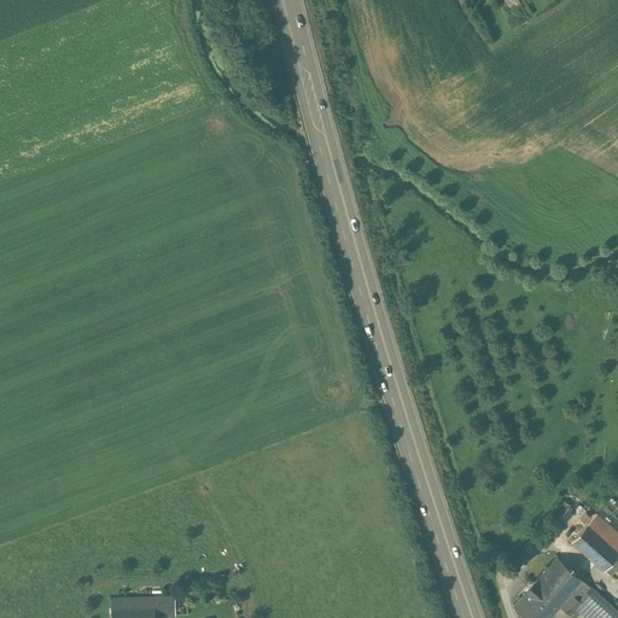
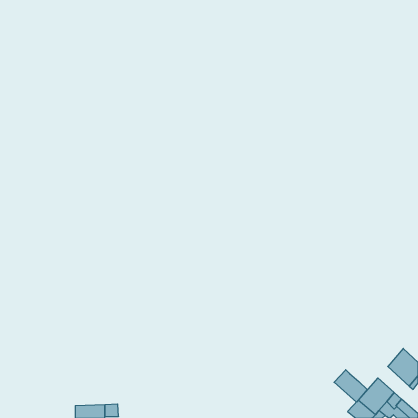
building: none -> [334,370,367,402]

